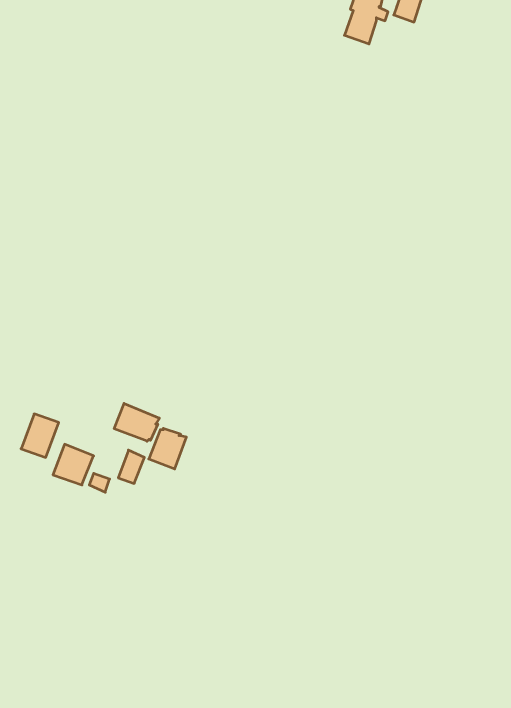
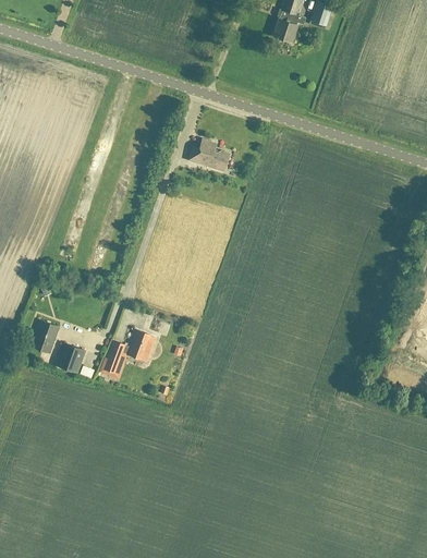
building: none -> [188,138,230,170]
building: [114,403,159,441] -> none

